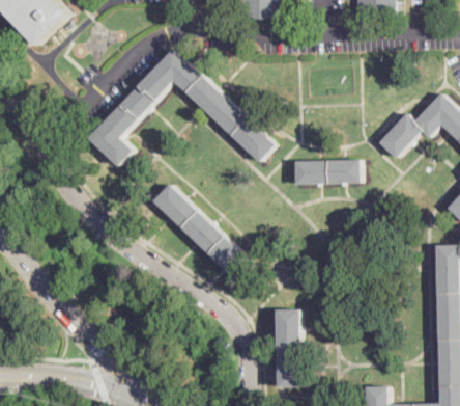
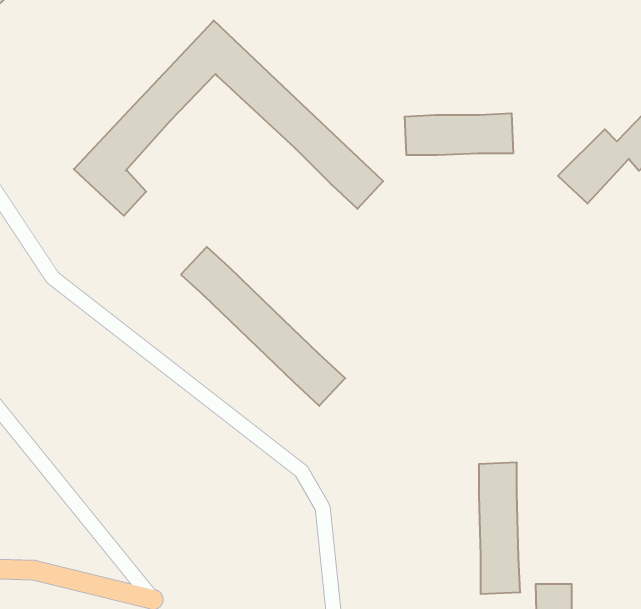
building: [295,159,361,184] -> [404,113,513,155]
building: [277,308,301,387] -> [479,463,520,594]

